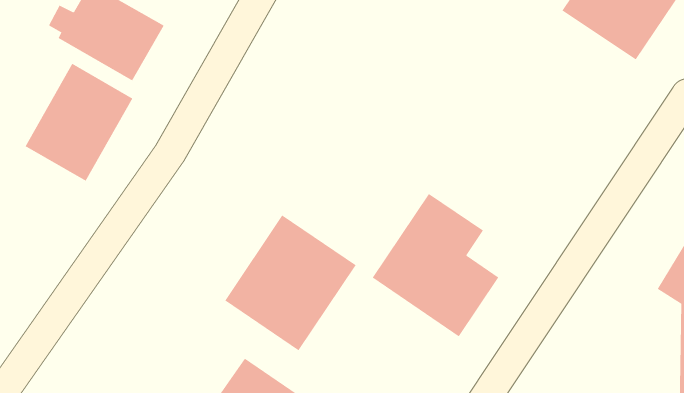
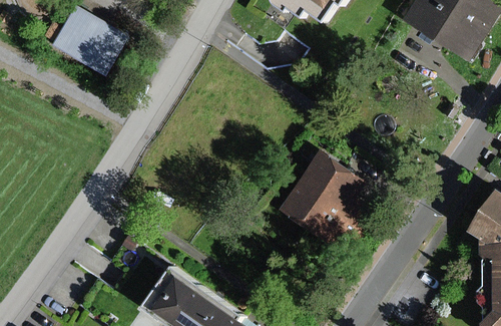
building: [25,63,133,181] -> none
building: [224,215,356,351] -> none

